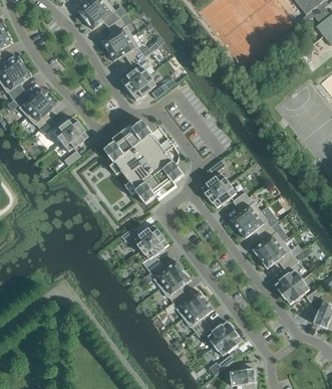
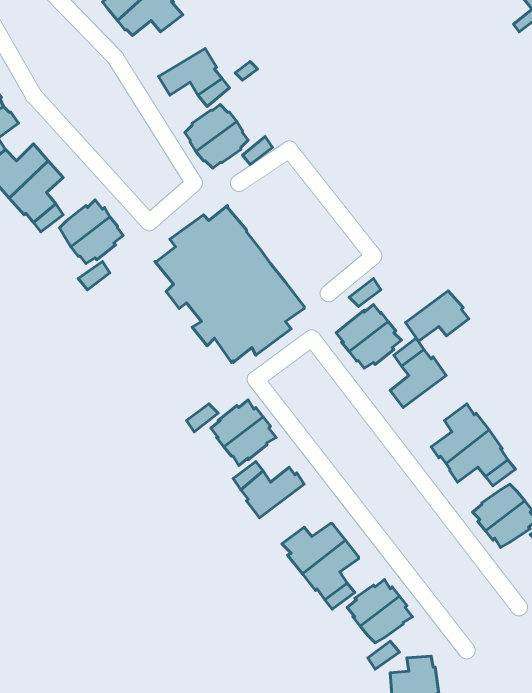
building: [99,17,130,50] -> none
building: [237,211,271,238] -> [405,291,469,341]
building: [159,269,191,302] -> none

